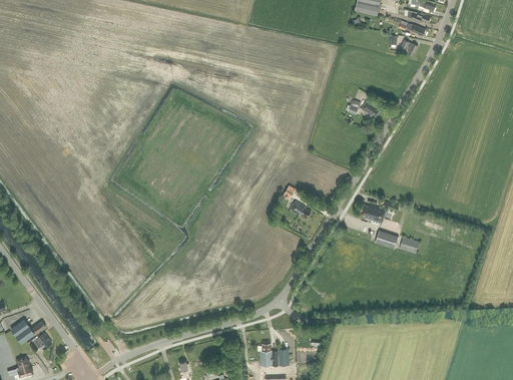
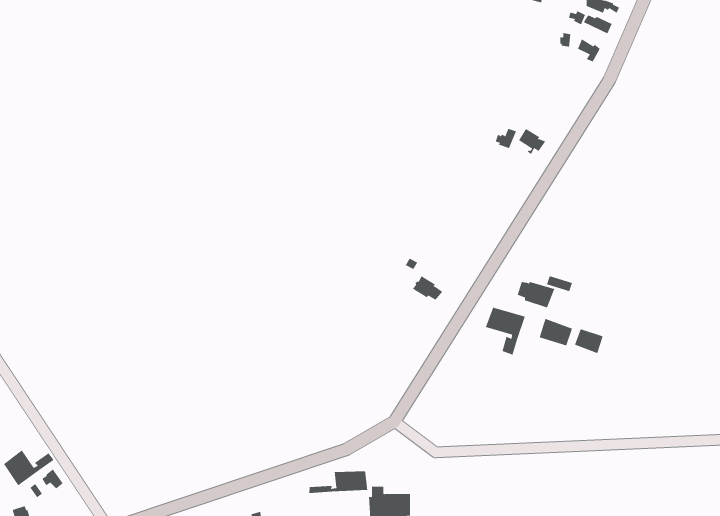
building: none -> [485,307,525,356]
building: none -> [309,470,368,494]

